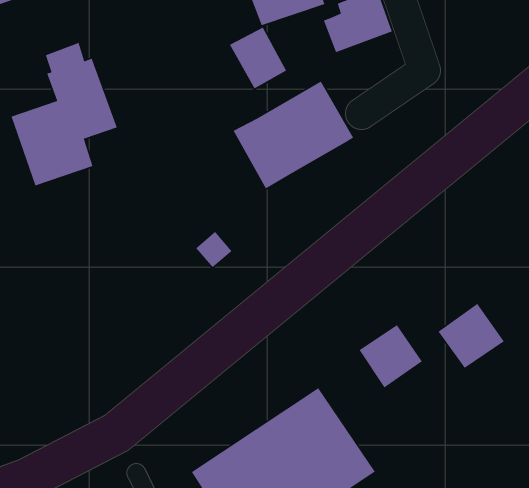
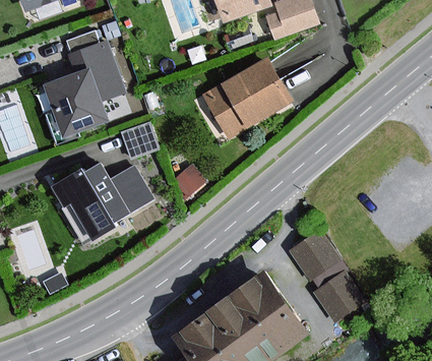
building: [229,27,287,89] -> none
building: none -> [52,164,150,239]
building: [437,303,505,369] -> [315,274,363,320]

